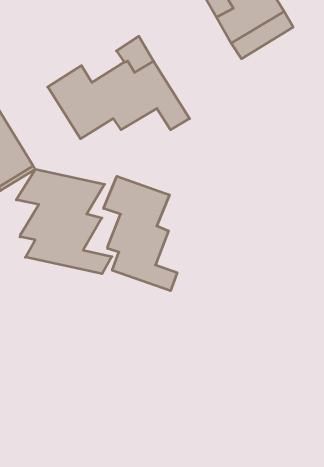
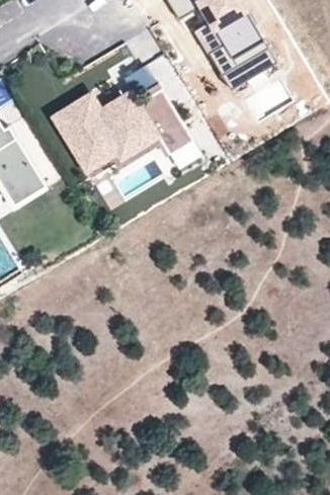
building: [16,169,112,274] -> none
building: [104,176,177,291] -> none

